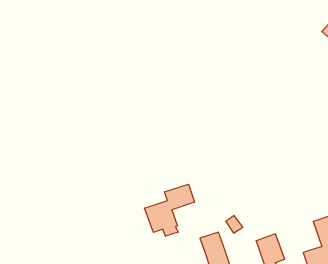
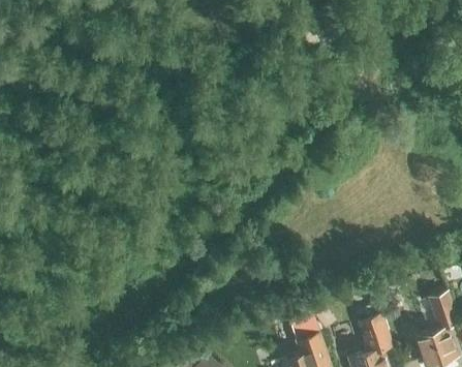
building: [145,184,194,236] -> none

